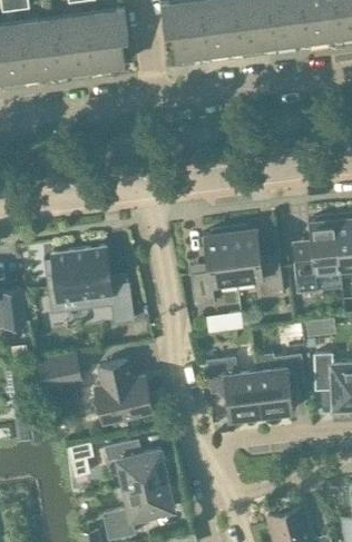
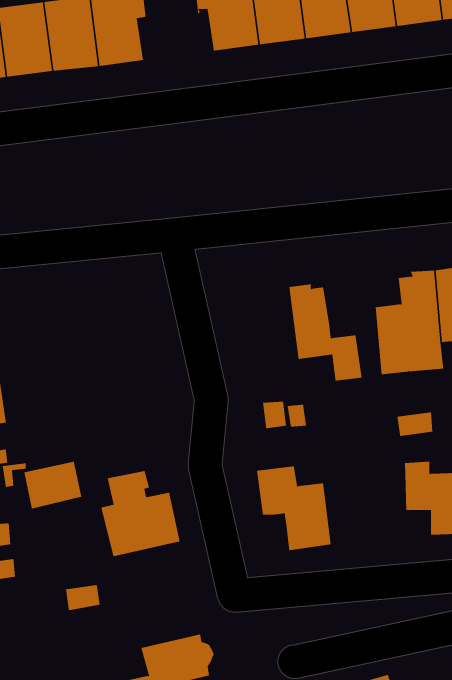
building: [189,229,236,307] -> none
building: [43,247,134,325] -> none
building: [255,355,304,415] -> none
building: [104,442,169,490] -> none

